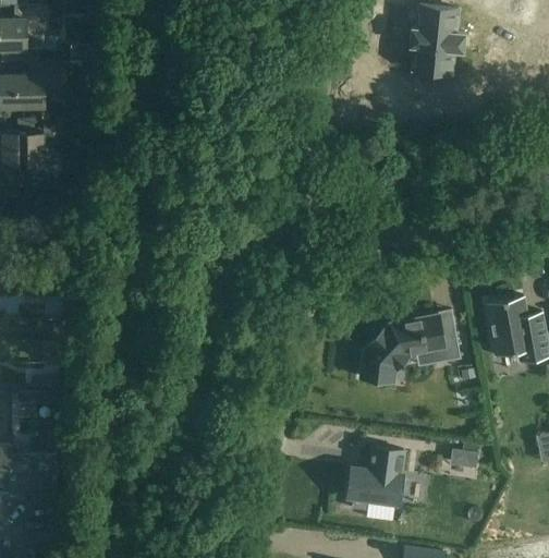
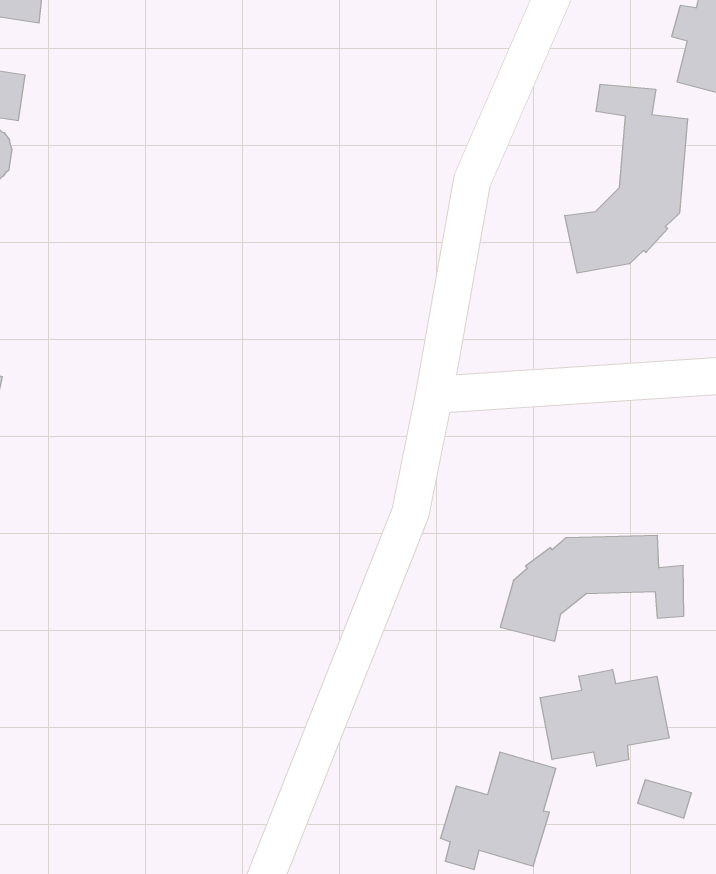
building: none -> [565,84,688,273]
building: none -> [540,669,669,766]

